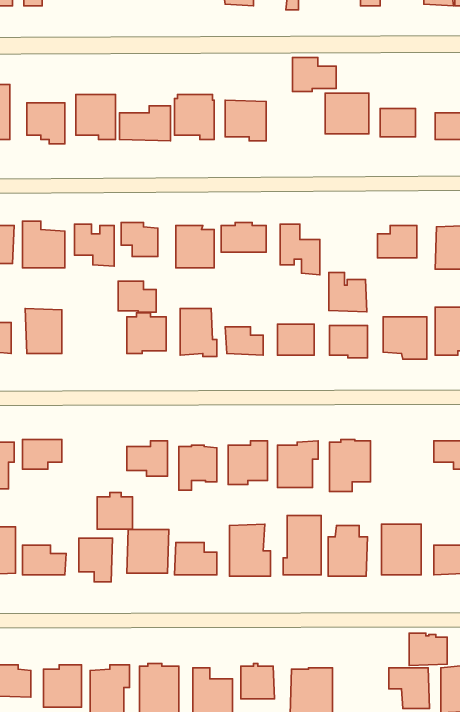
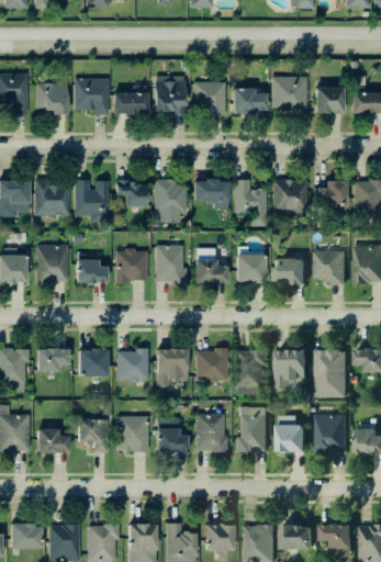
building: [292,58,336,91] -> [232,86,266,112]
building: [329,272,367,312] -> [273,179,303,210]
building: [118,281,156,312] -> [75,258,104,282]
building: none -> [314,348,347,396]
building: [97,493,132,529] -> [76,347,103,375]
building: [409,633,447,665] -> [280,522,310,548]

